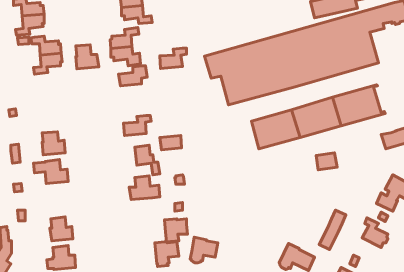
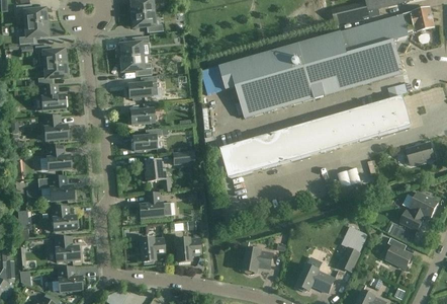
building: [76,45,99,69] -> [41,84,66,109]
building: [160,48,186,68] -> [130,101,159,123]
building: none -> [43,115,68,139]
building: none -> [222,134,276,176]
building: none -> [53,205,79,230]
building: [190,237,218,263] -> [244,246,273,274]
building: [155,242,179,267] -> [140,237,165,263]

